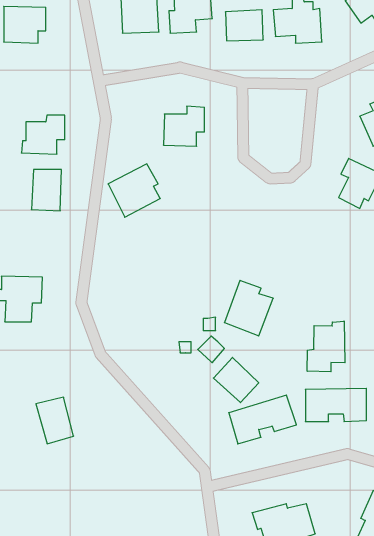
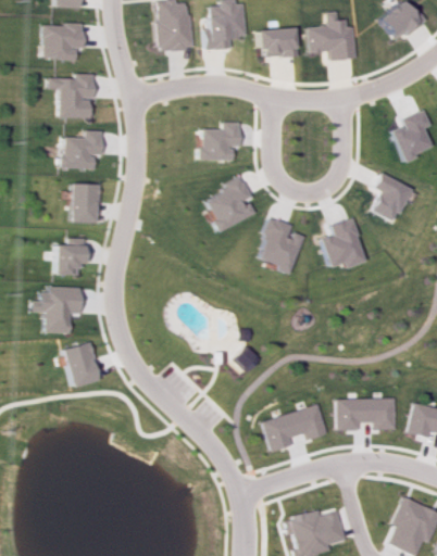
building: none -> [48,73,93,118]
building: [108,164,160,217] -> [202,179,253,231]
building: none -> [320,218,365,268]
building: none -> [54,244,86,275]
building: [224,280,273,336] -> [254,218,302,273]
building: [307,321,345,372] -> none
building: [213,357,259,403] -> none
building: [36,397,74,444] -> [62,342,99,388]

